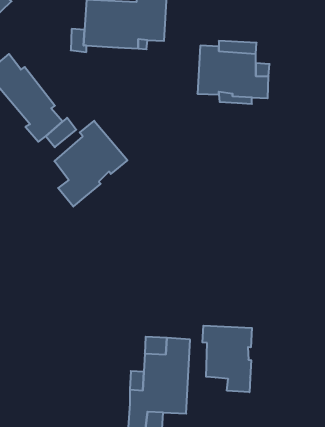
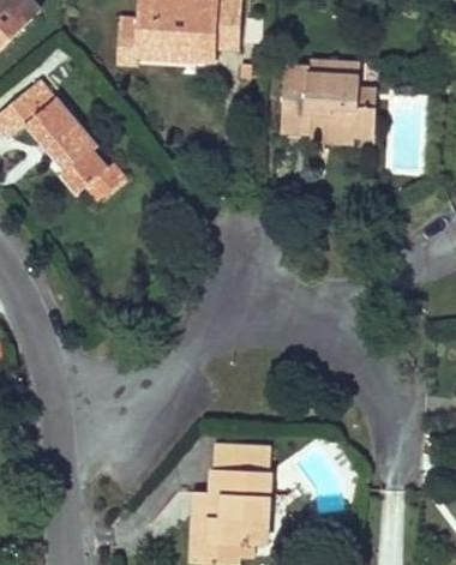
building: [54,121,127,207] -> none
building: [202,326,252,392] -> none

